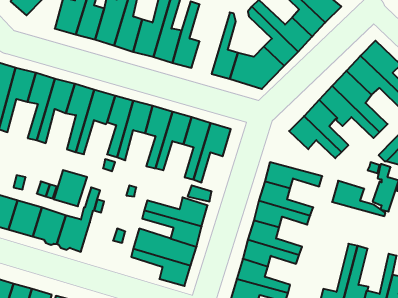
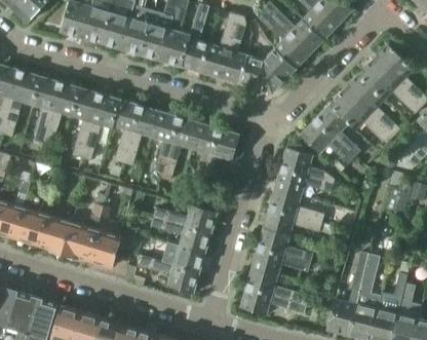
building: none -> [200,13,239,78]
building: [54,170,87,206] -> [87,230,121,267]
building: [332,181,385,216] -> [280,147,335,183]

